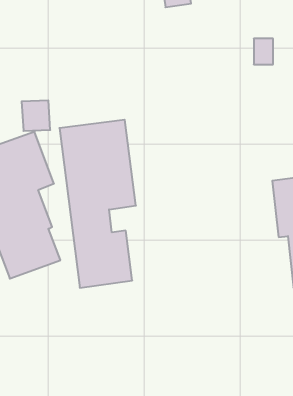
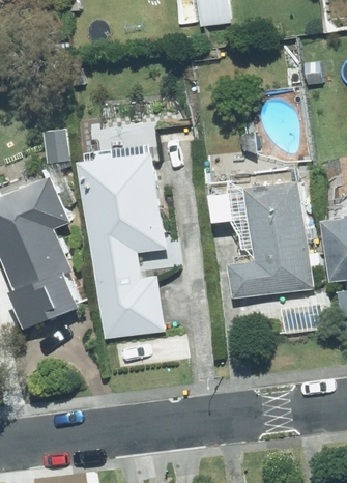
building: none -> [228,183,310,296]

